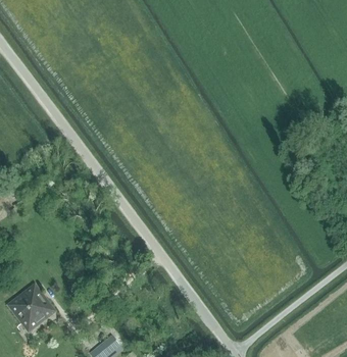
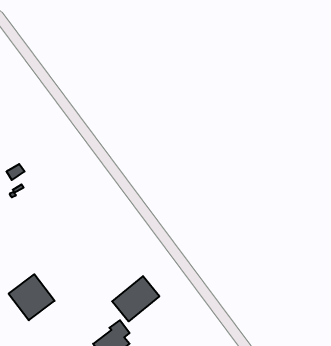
building: none -> [112,276,159,321]

